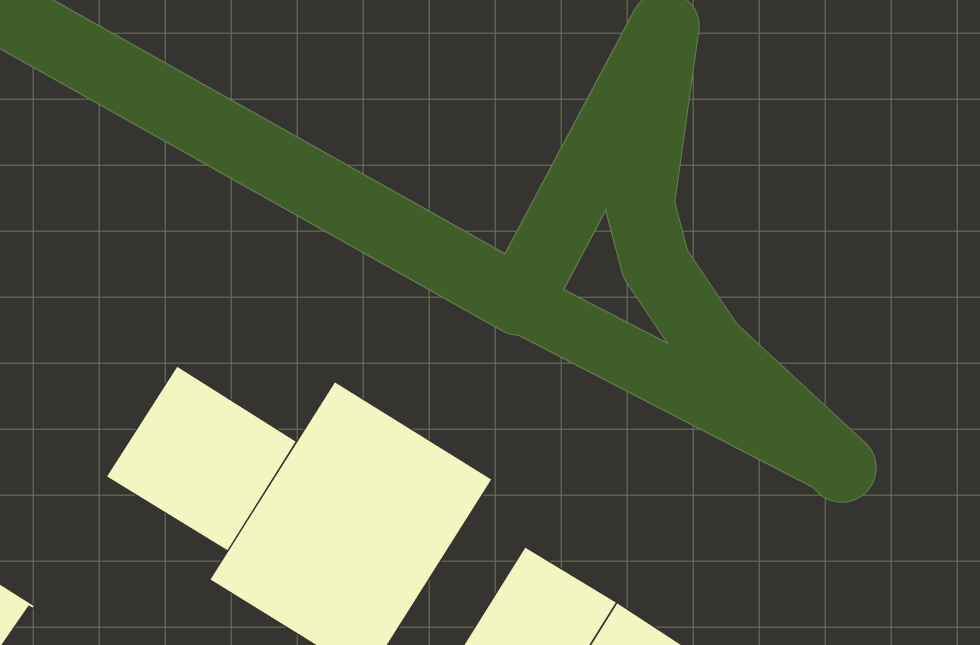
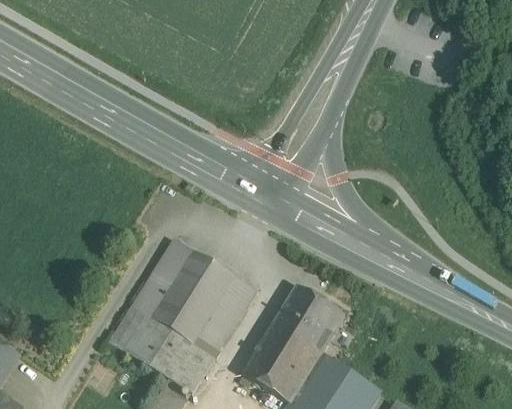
building: [106,366,297,551] -> none
building: none -> [274,285,345,353]

